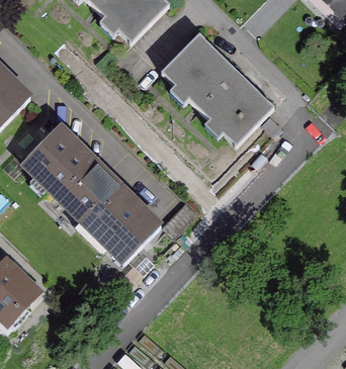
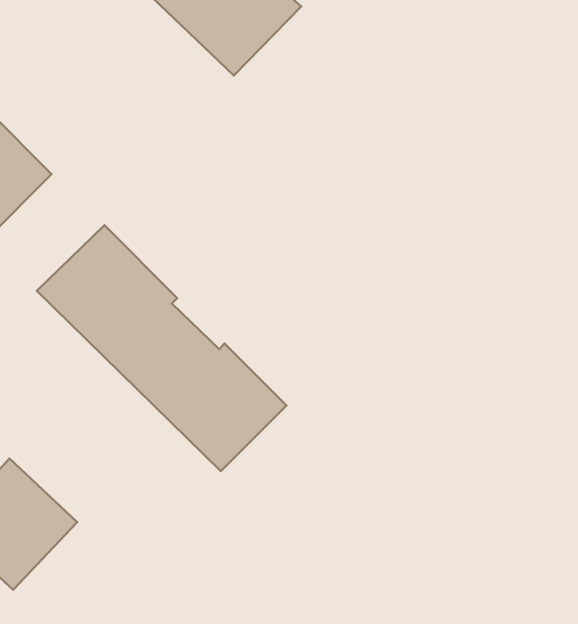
building: [162,34,272,145] -> none

